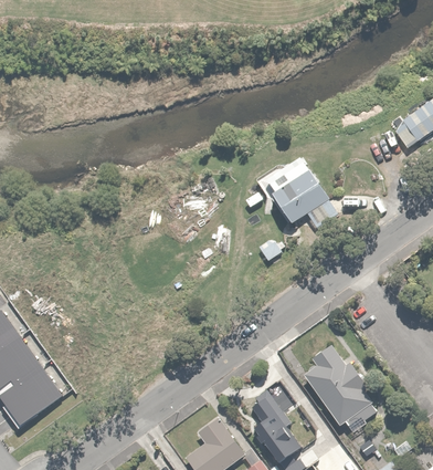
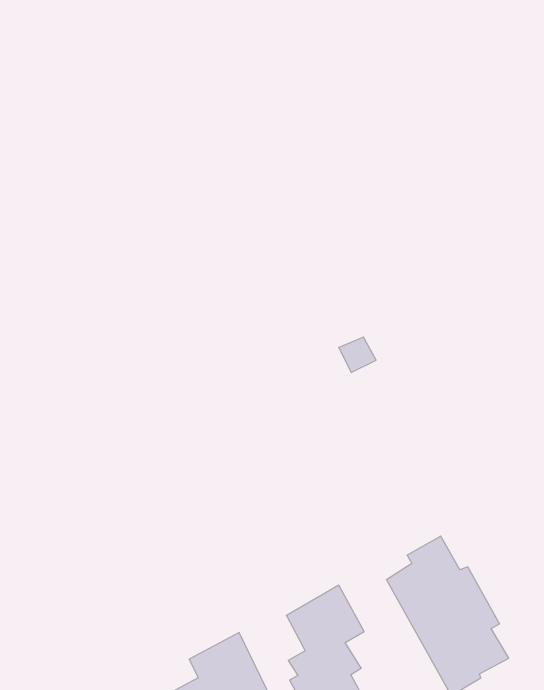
building: [254,163,338,230] -> none

